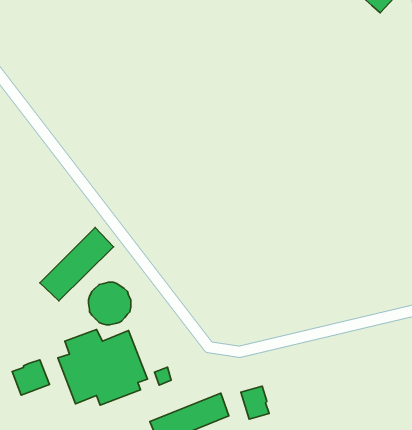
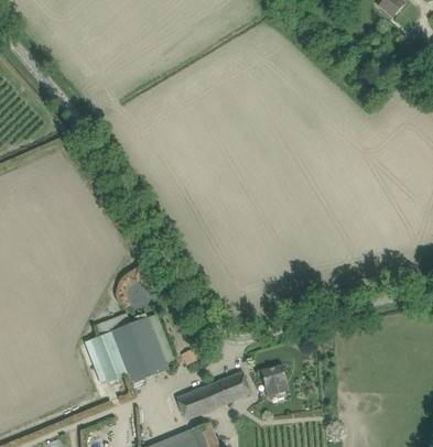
building: [40,228,114,301] -> none
building: [12,360,50,395] -> none

